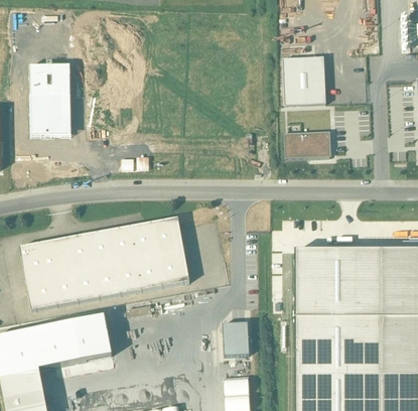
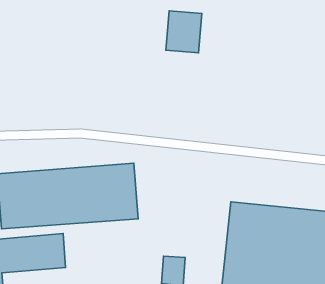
building: [283,56,322,104] -> [166,11,202,53]
building: [30,65,72,136] -> none
building: [283,131,330,158] -> none

